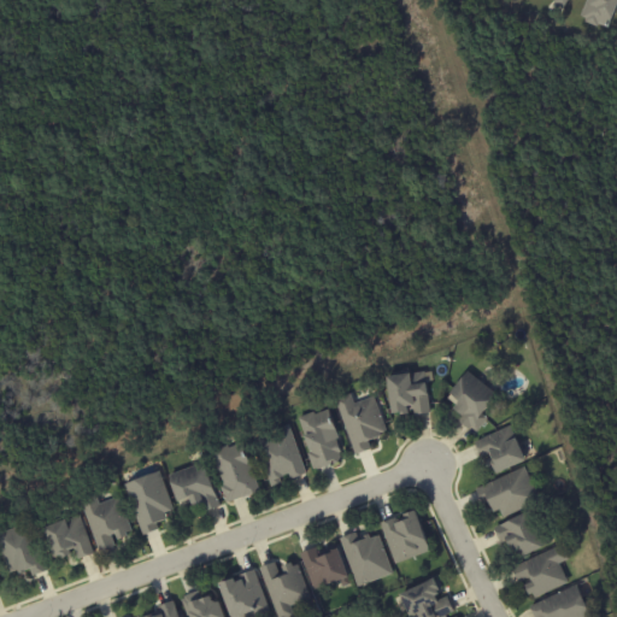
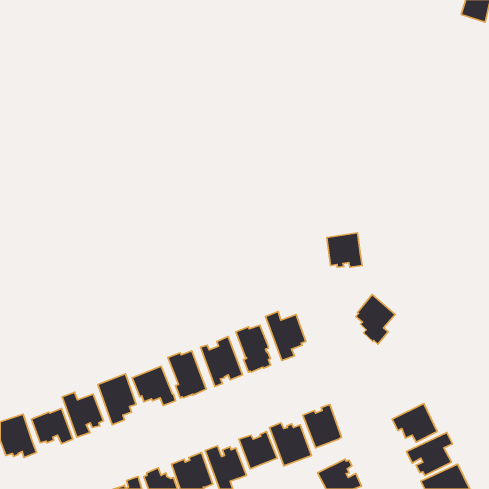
building: [386,370,430,413] -> [327,233,362,267]
building: [475,424,525,472] -> none
building: [476,465,540,517] -> none

